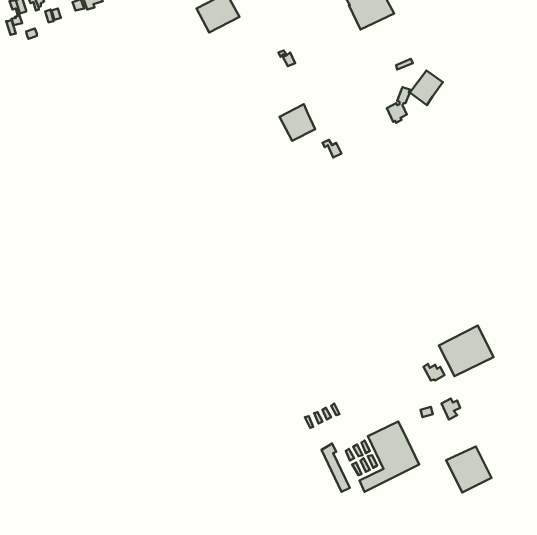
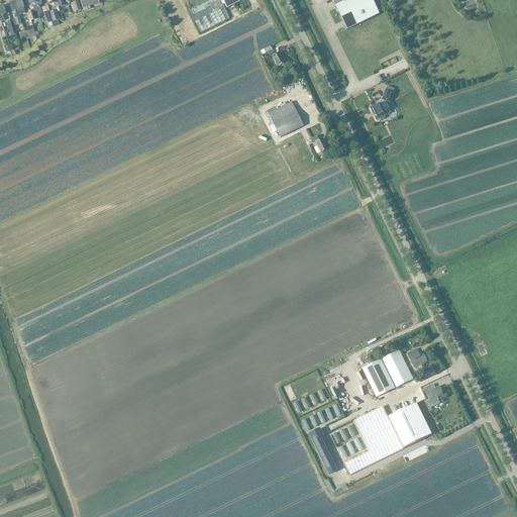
building: [410,70,443,105] -> none
building: [439,326,493,376] -> [361,348,414,397]
building: [446,446,492,493] -> [388,402,431,446]

